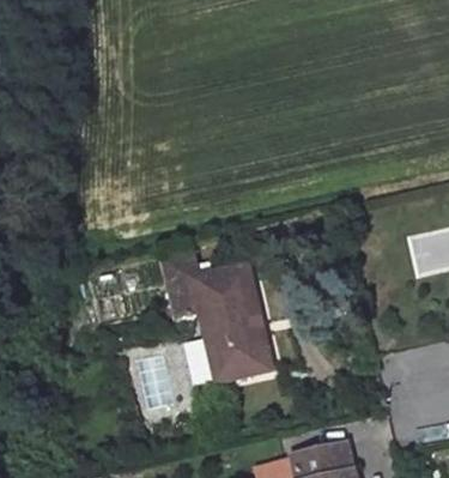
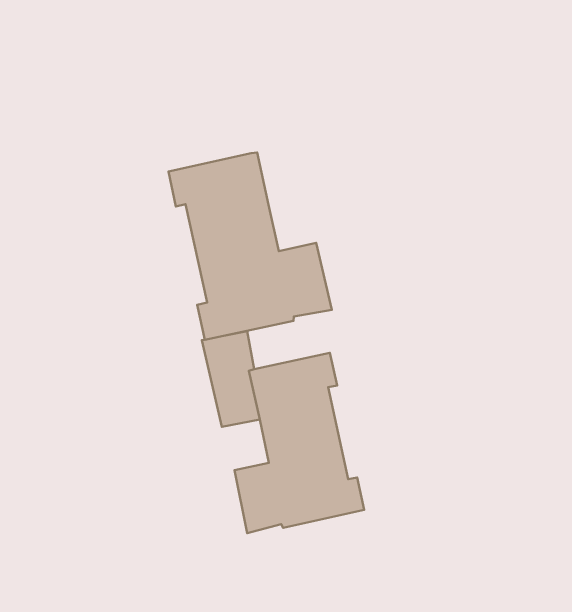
building: none -> [168,153,332,340]

